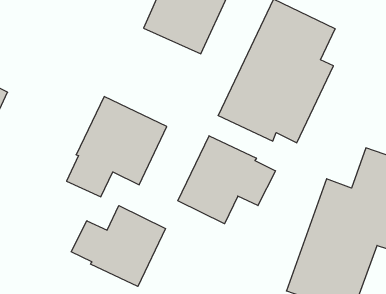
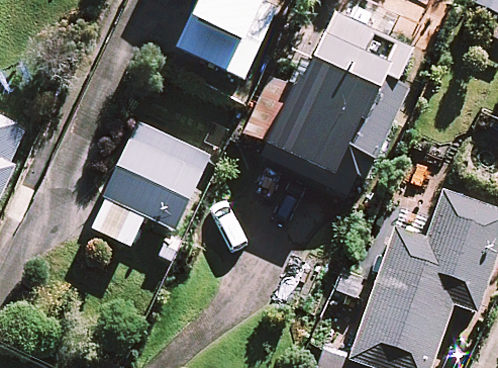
building: [178,136,275,224] -> none
building: [71,206,166,286] -> none

